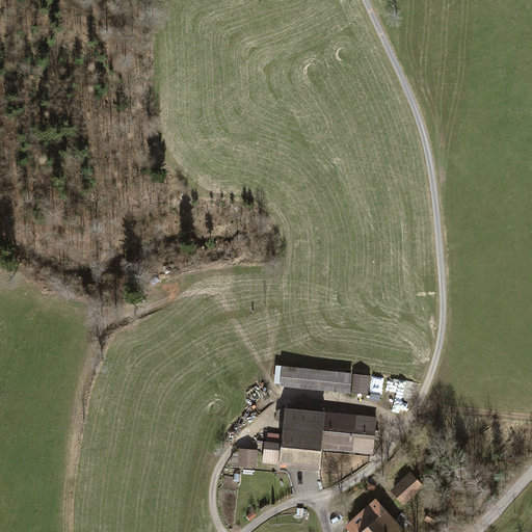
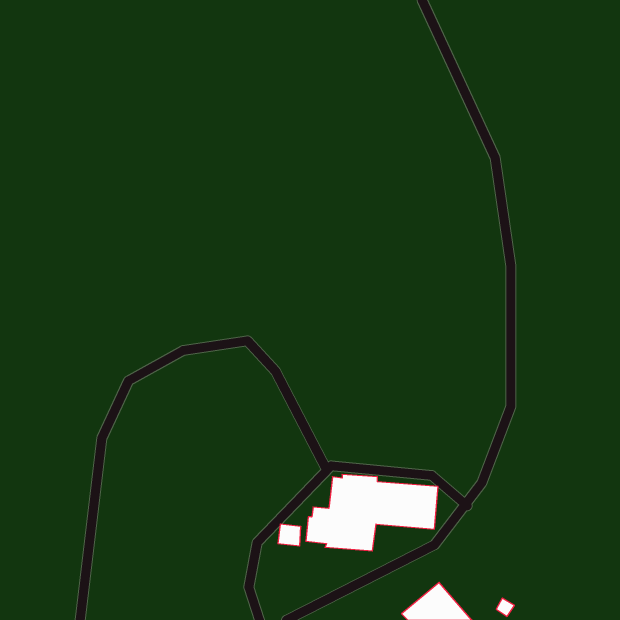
building: [274,367,363,394] -> none
building: [390,473,423,505] -> none

